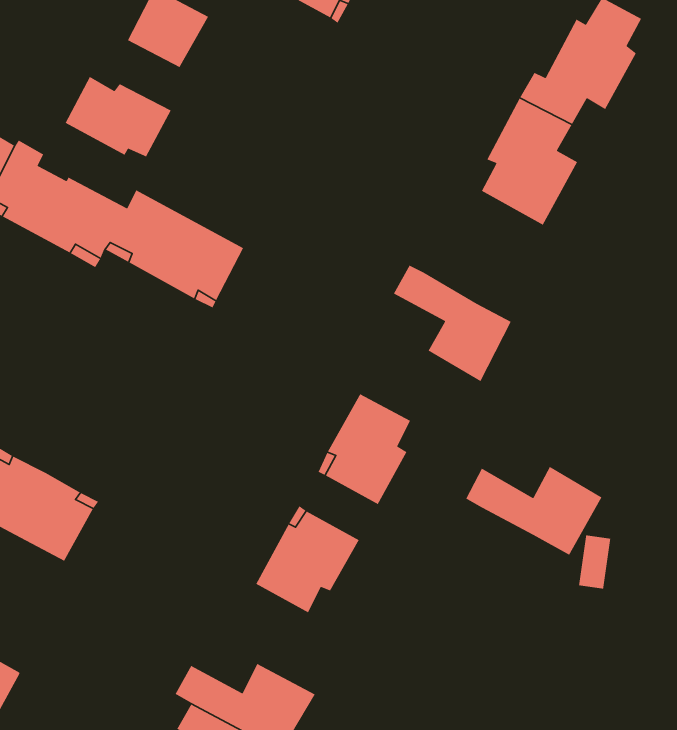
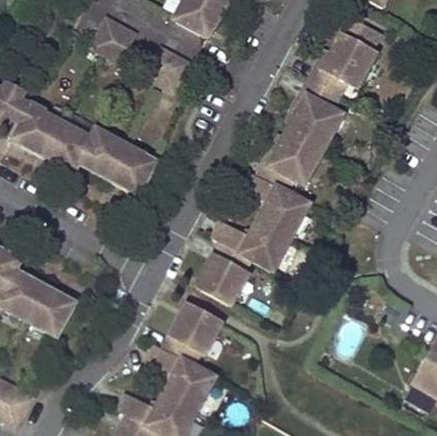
building: none -> [144,46,189,92]
building: [64,76,172,158] -> none
building: none -> [256,130,322,193]
building: [465,466,603,556] -> [211,219,287,269]
building: none -> [145,343,214,410]

